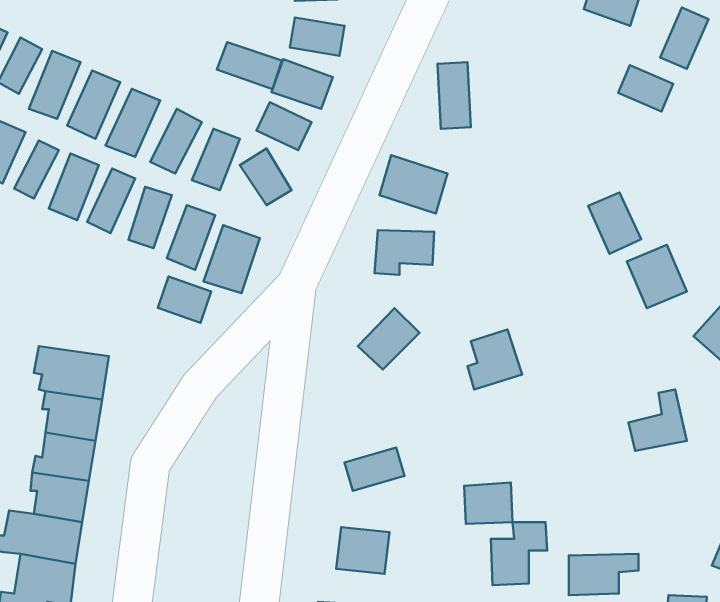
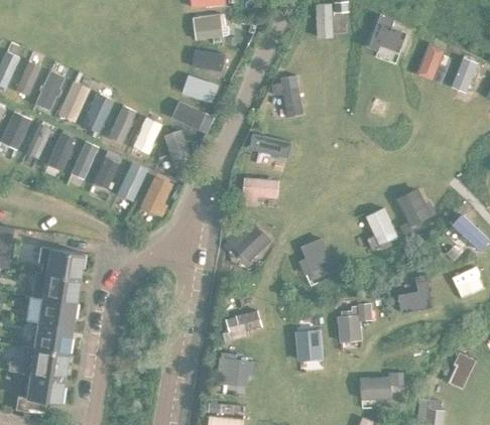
building: [217,42,282,89] -> none
building: [618,65,673,112] -> none
building: [588,193,641,254] -> [365,207,397,245]
building: [158,277,211,323] -> none
building: [491,522,547,585] -> [338,303,372,341]

